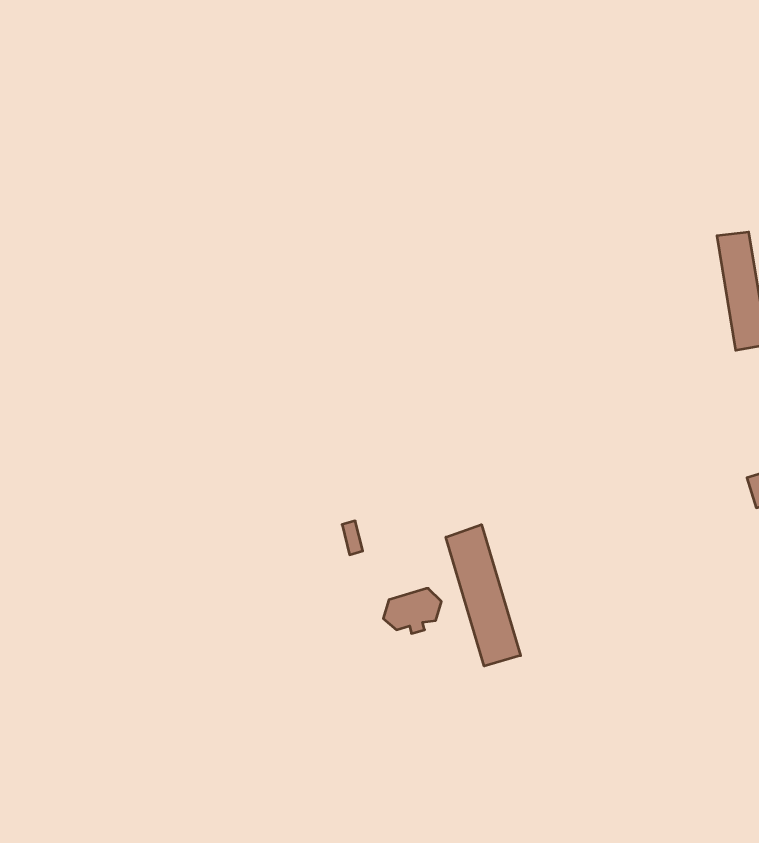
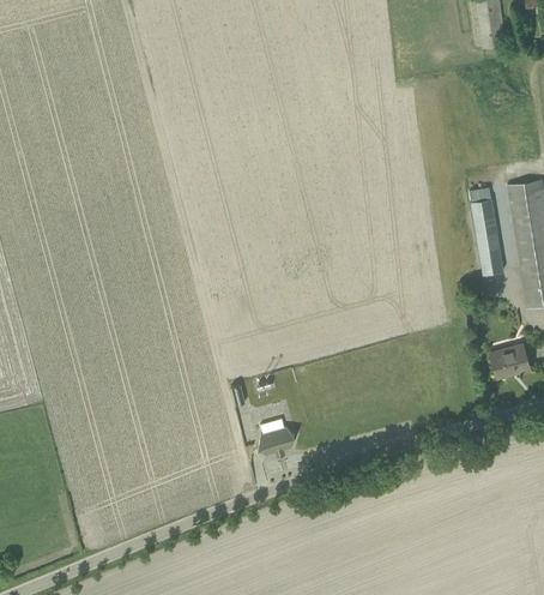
building: [446,525,521,666] -> none

